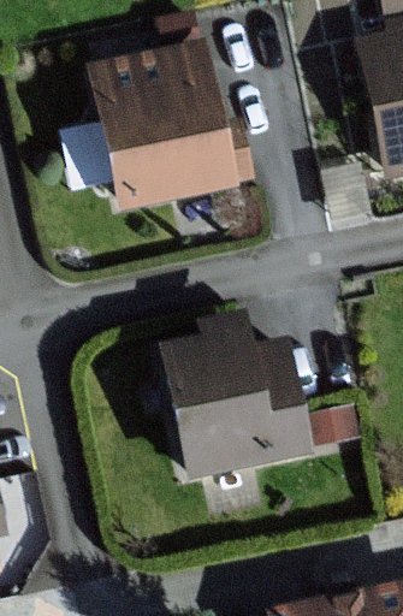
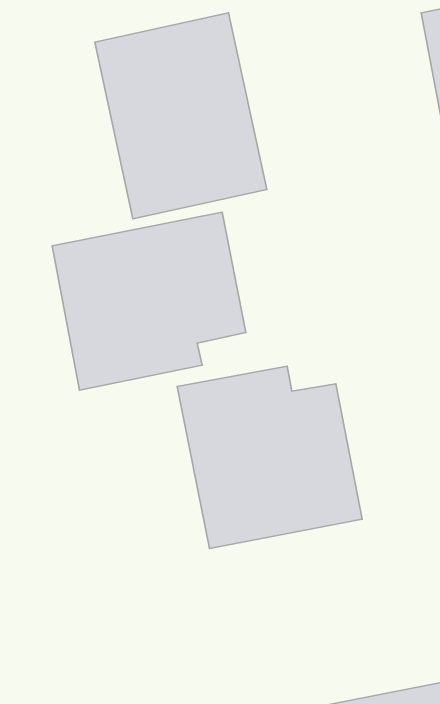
building: none -> [52,212,246,390]

